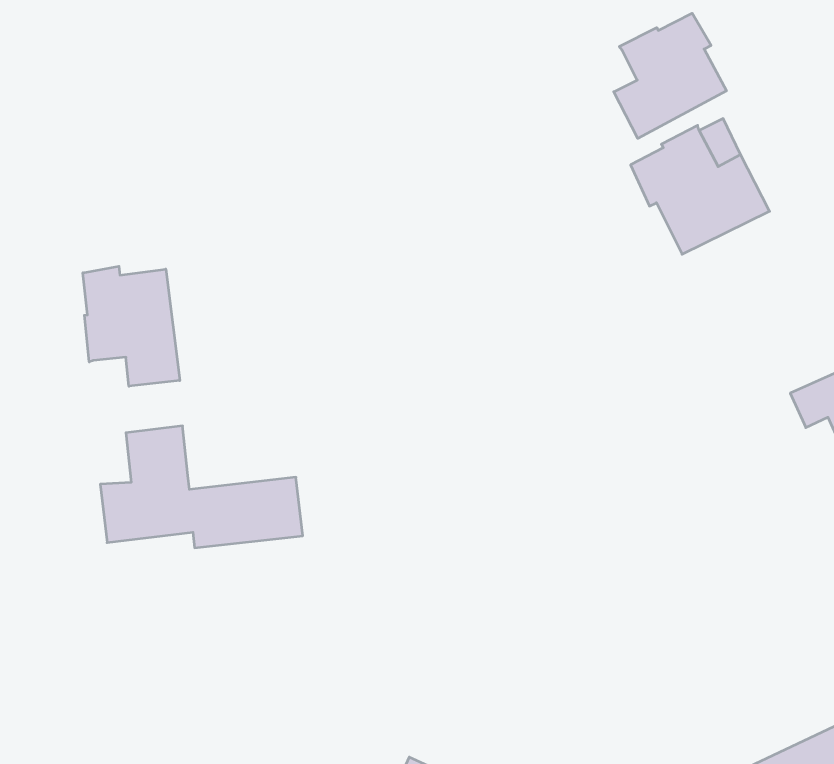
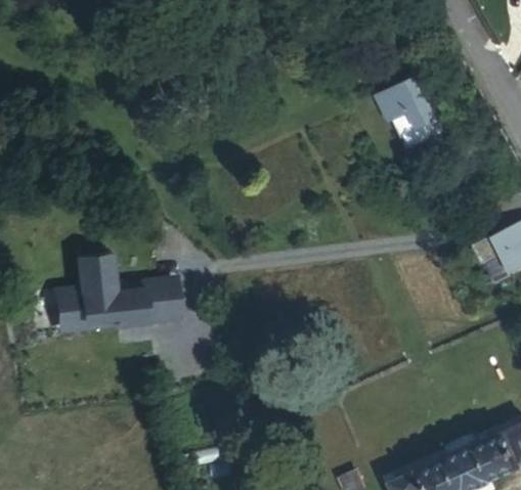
building: [614,13,726,138] -> none
building: [83,266,180,386] -> none

